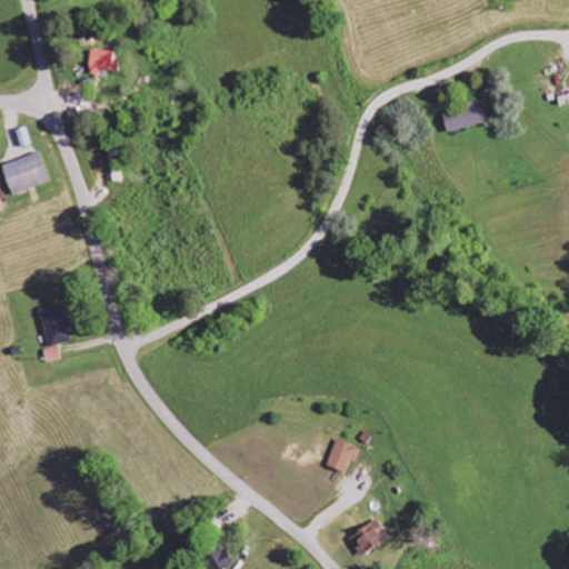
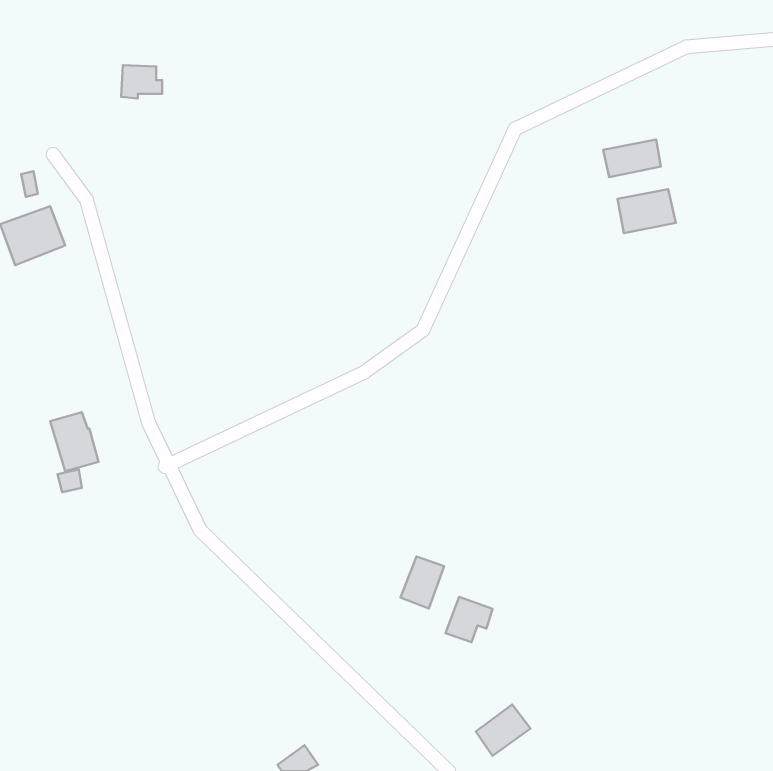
building: none -> [618,189,676,233]
building: none -> [401,557,444,608]

